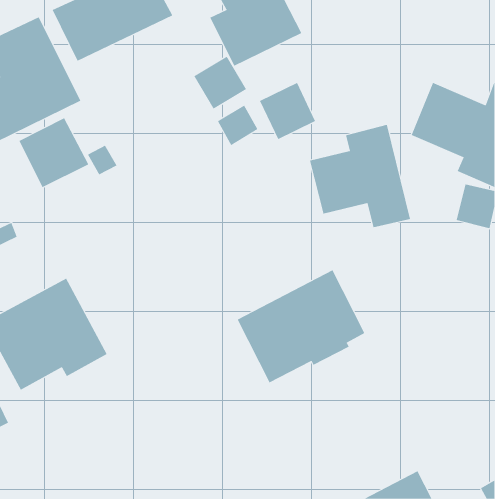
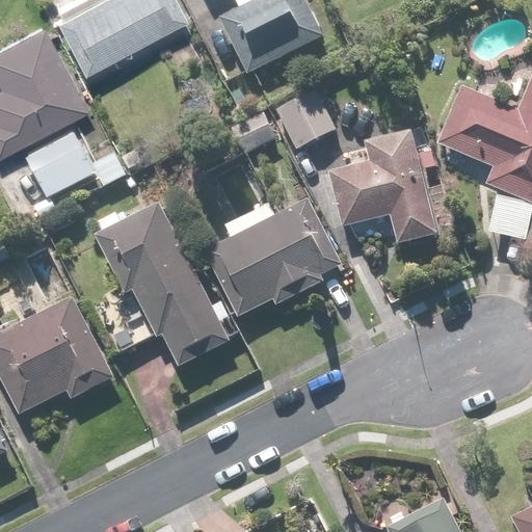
building: [194,56,247,110] -> none
building: none -> [97,204,230,365]
building: [237,270,365,383] -> [204,197,340,318]

